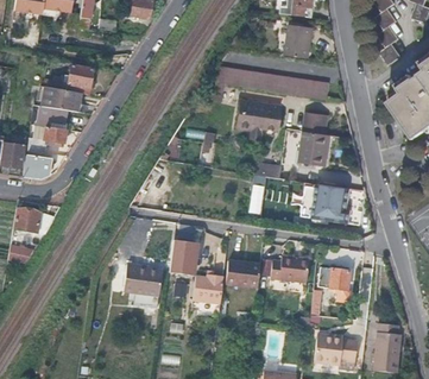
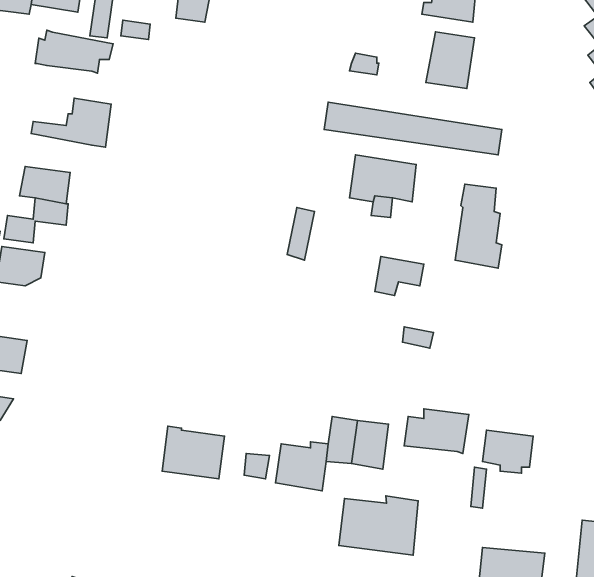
building: [32,84,80,110] -> [35,30,113,73]
building: [314,182,351,223] -> none
building: [169,239,195,273] -> none
building: none -> [339,496,418,555]

